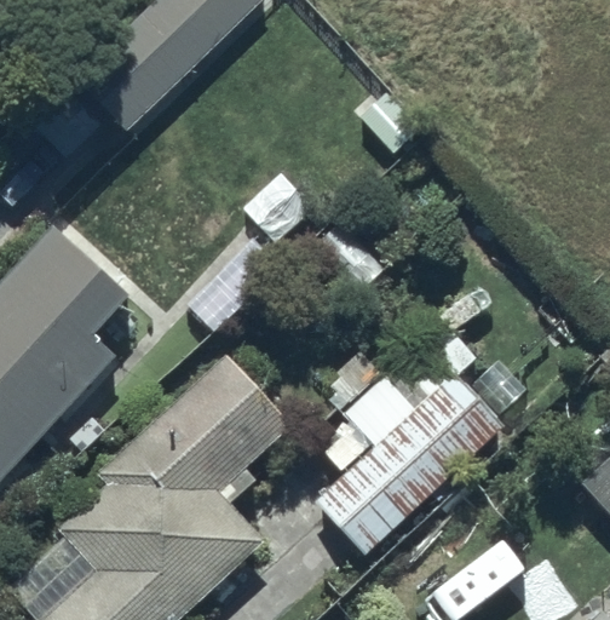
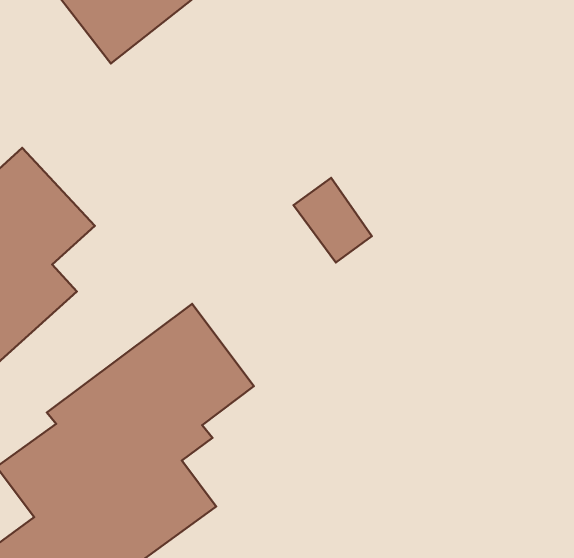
building: [315,335,502,556] -> none

